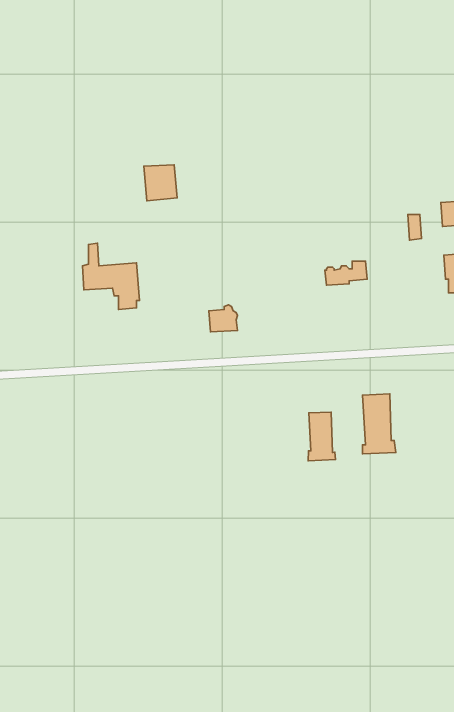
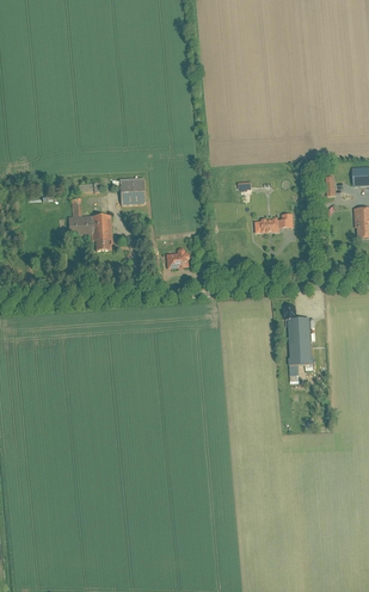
building: [144,165,177,201] -> [118,177,144,205]
building: [308,412,336,461] -> none

